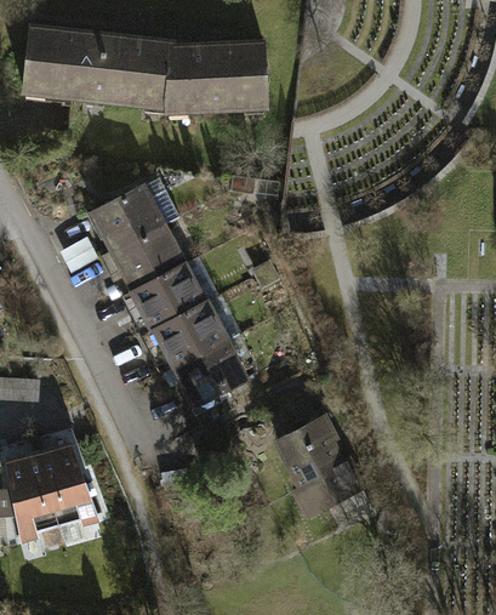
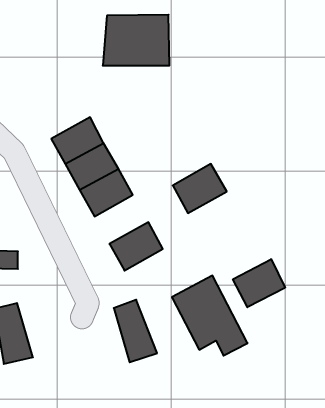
building: [21,22,169,109] -> none
building: [150,297,229,369] -> [173,164,227,213]
building: none -> [233,259,285,307]
building: [38,443,101,534] -> [114,300,157,362]

